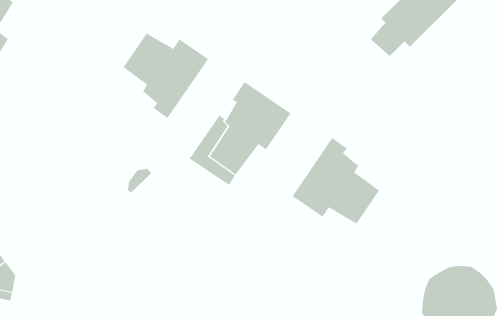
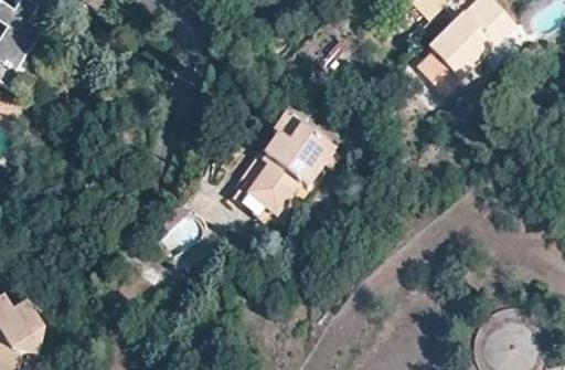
building: [123,33,209,119] -> none
building: [292,137,380,224] -> none

